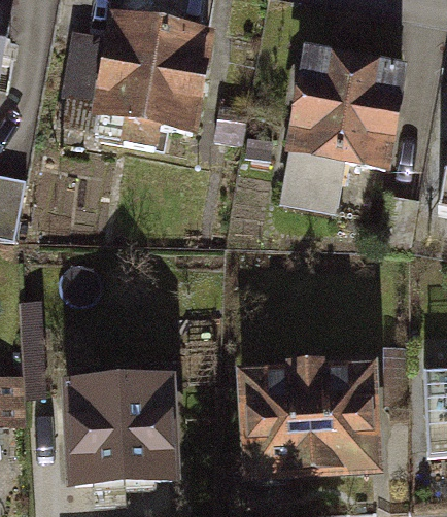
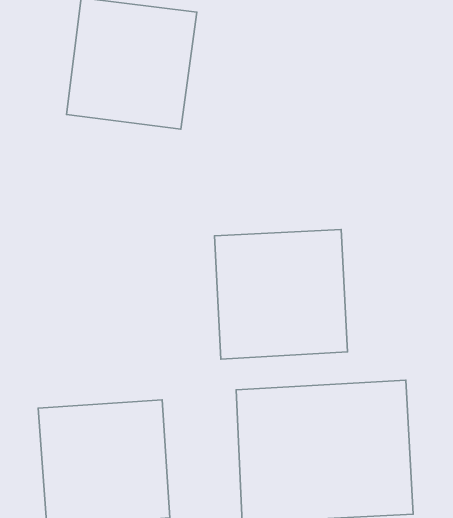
building: [280,66,408,179] -> none
building: none -> [215,230,348,359]

